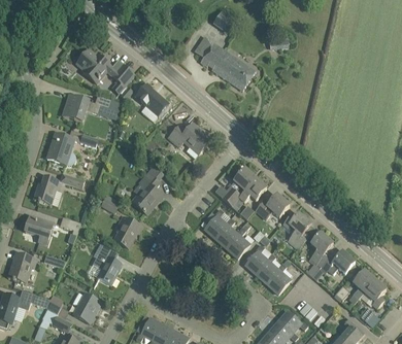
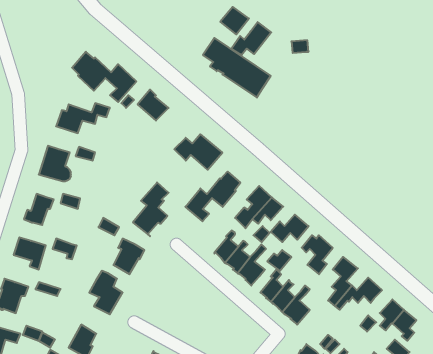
building: none -> [231,22,271,55]
building: none -> [185,172,240,221]

